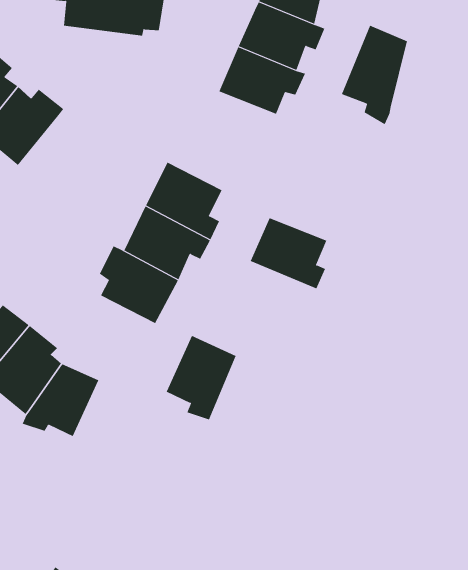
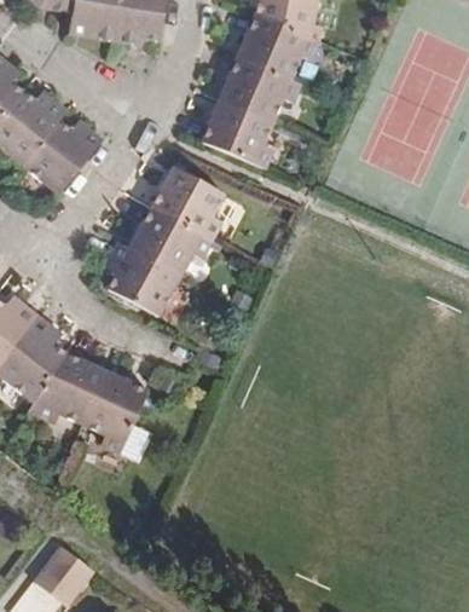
building: [341,25,408,125] -> none
building: none -> [29,121,106,196]
building: [250,217,327,289] -> [199,97,272,164]
building: [166,335,237,420] -> [81,369,147,449]

